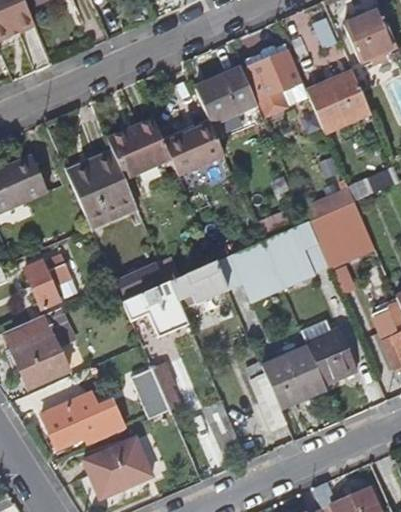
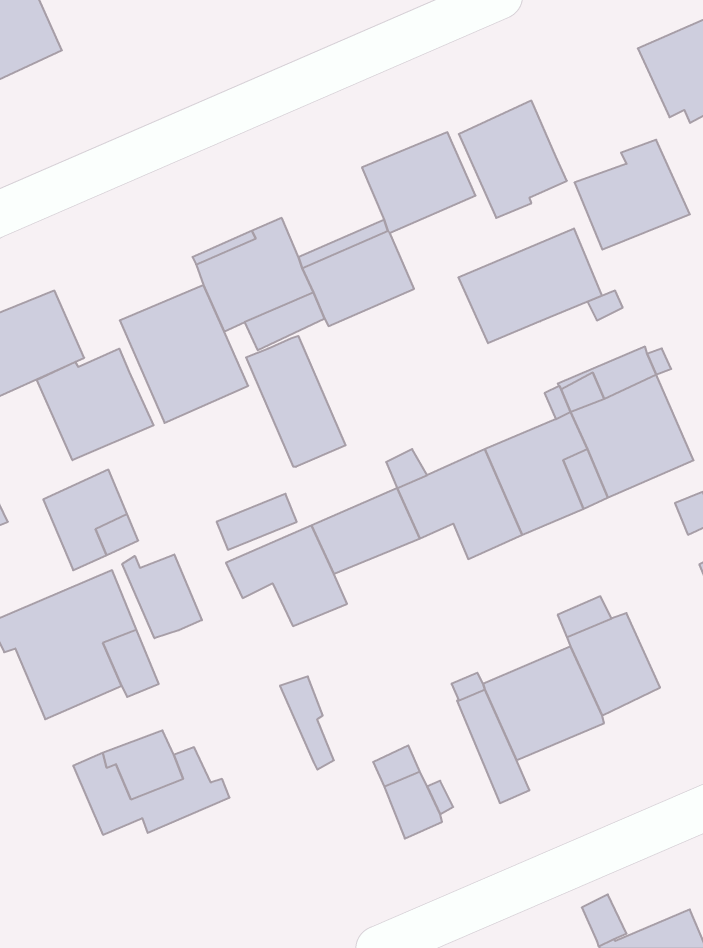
building: none -> [458,228,602,343]
building: none -> [246,336,346,467]
building: none -> [37,349,154,460]
building: none -> [122,554,202,638]
building: [131,368,170,418] -> none
building: [83,440,149,498] -> none

